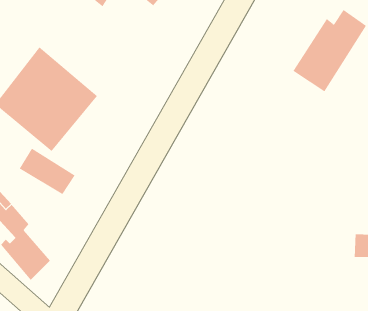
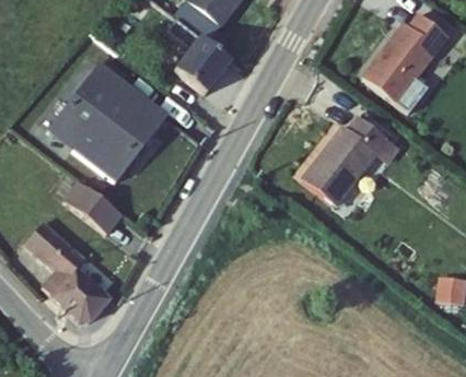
building: none -> [167,21,230,87]
building: none -> [306,125,389,216]

